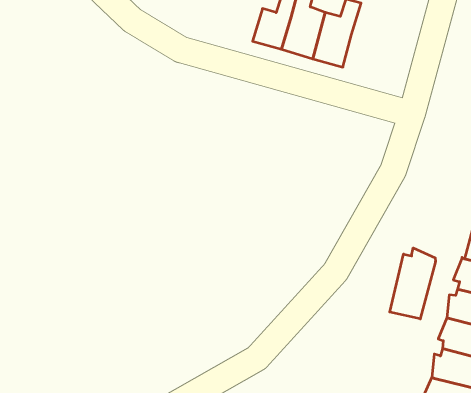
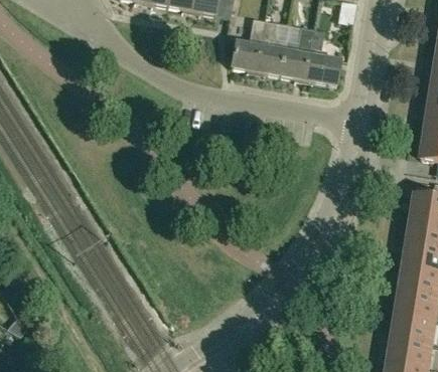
building: none -> [303,52,340,84]
building: [390,248,435,319] -> none

